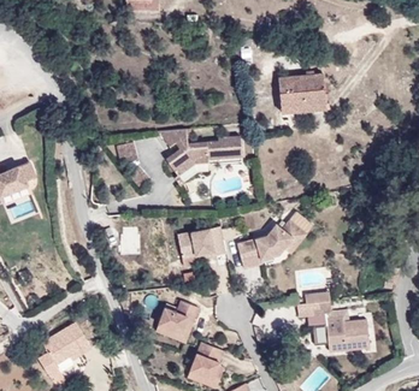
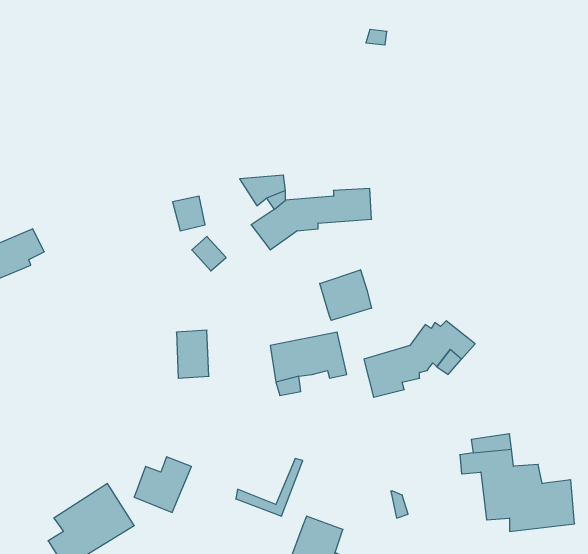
building: [277,73,325,111] -> none
building: none -> [320,270,372,320]
building: [157,301,193,336] -> [134,457,191,512]

